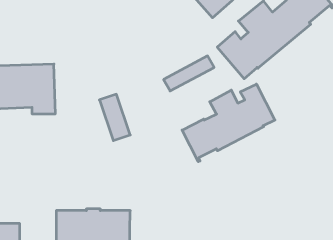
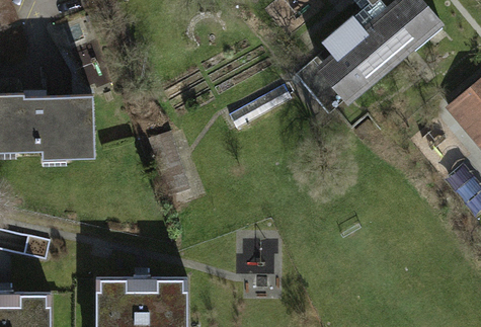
building: [182,84,275,162] -> none

